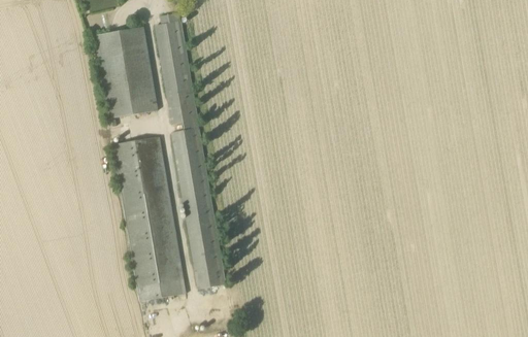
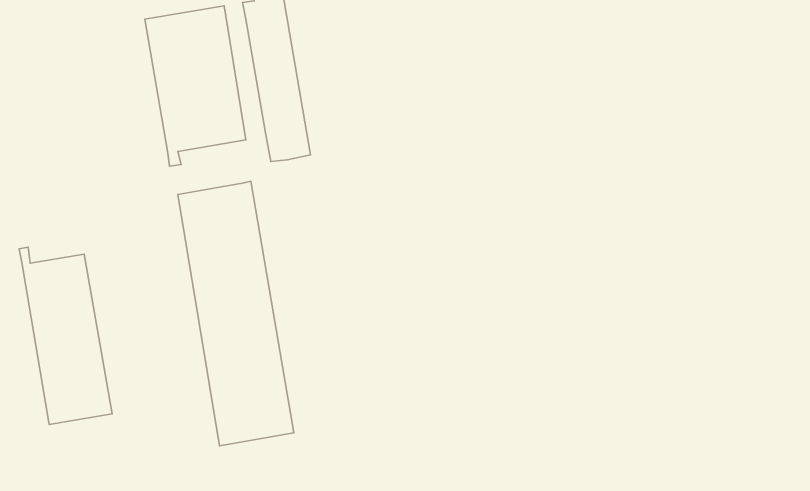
building: [172,127,225,289] -> none
building: none -> [19,247,112,425]

